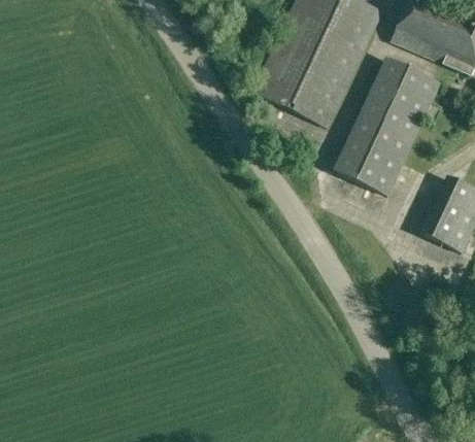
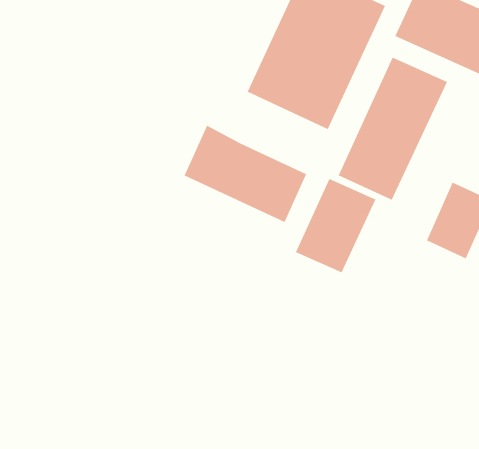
building: none -> [184,125,307,223]
building: none -> [295,178,376,273]

